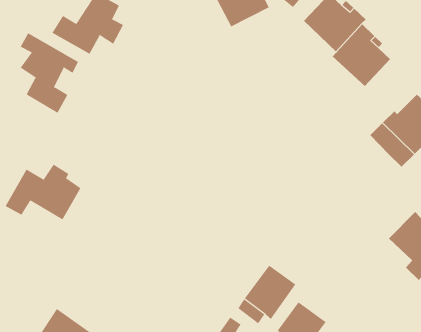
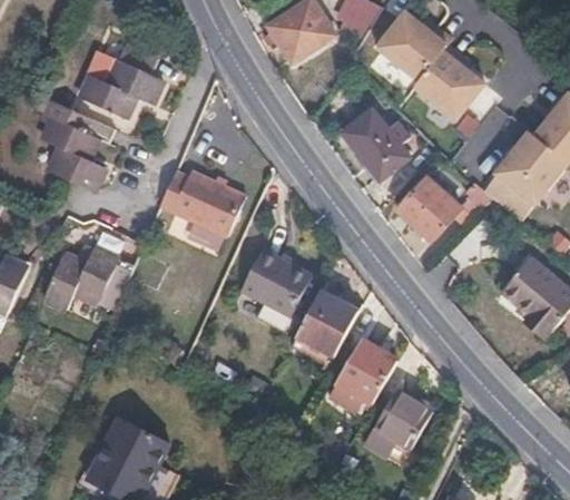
building: none -> [342,109,407,180]
building: none -> [160,174,248,239]
building: none -> [397,179,491,244]
building: none -> [240,253,308,320]
building: none -> [291,286,361,366]

